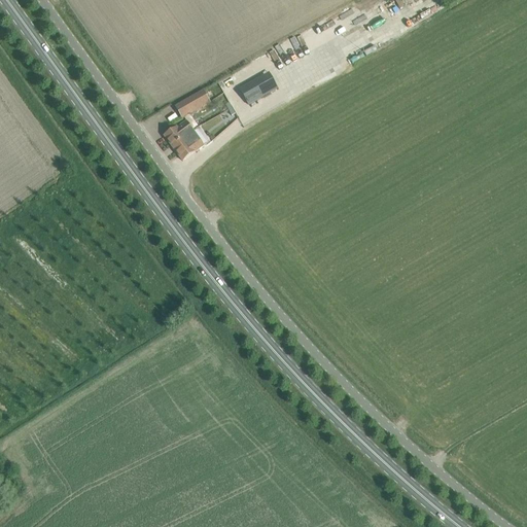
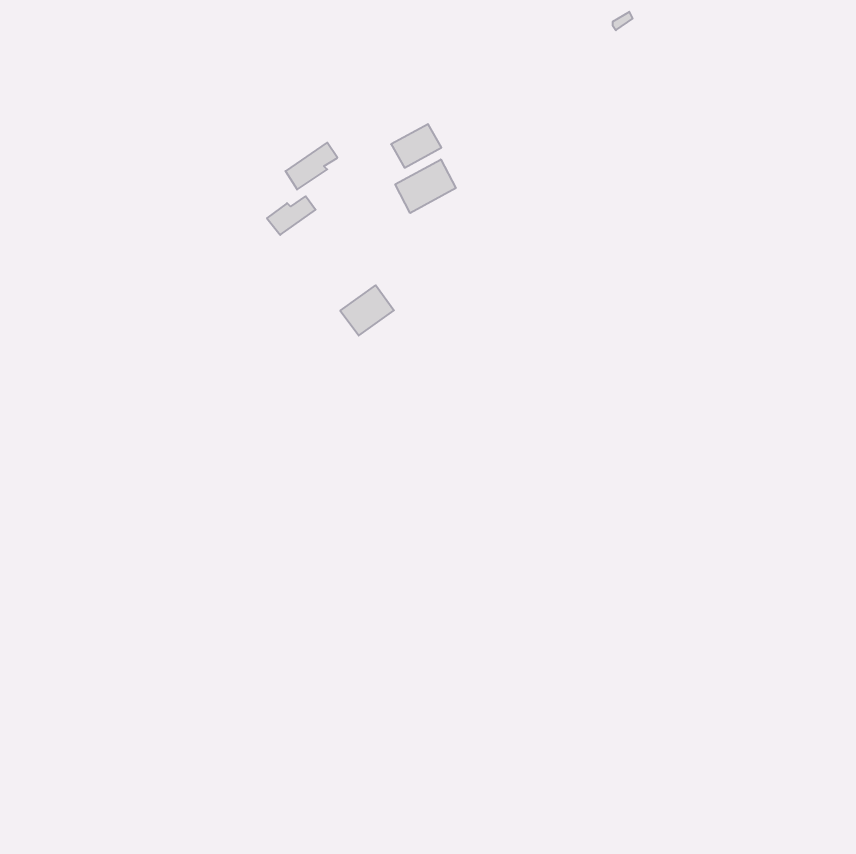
building: none -> [395,159,456,213]
building: [173,129,206,160] -> [340,285,394,336]

